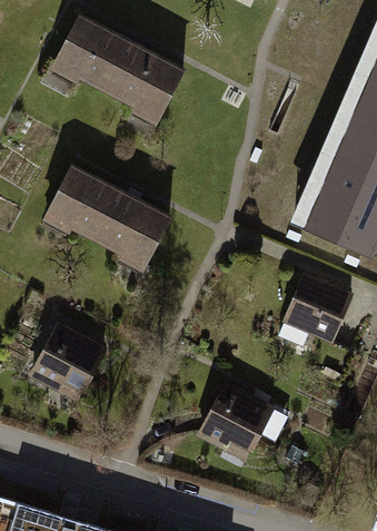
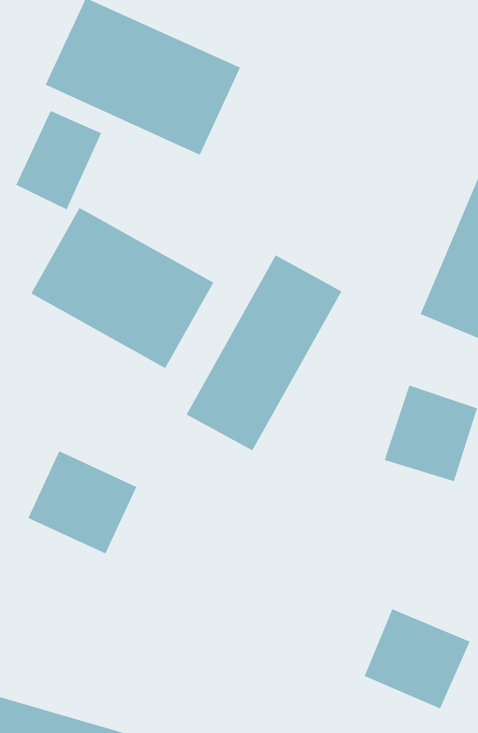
building: none -> [16,110,102,210]
building: none -> [186,254,342,451]
building: [196,392,271,463] -> [364,609,470,709]

